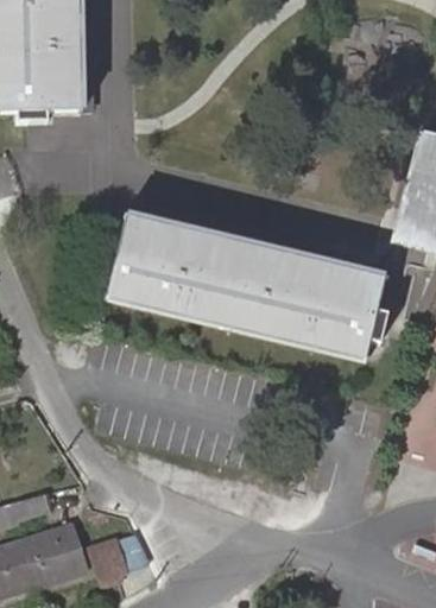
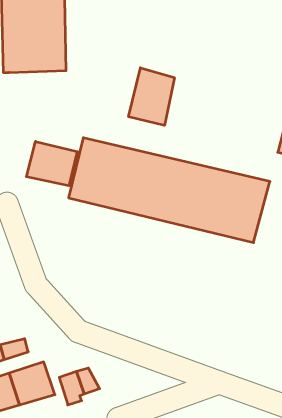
building: none -> [129,68,174,125]
building: none -> [26,141,77,186]

